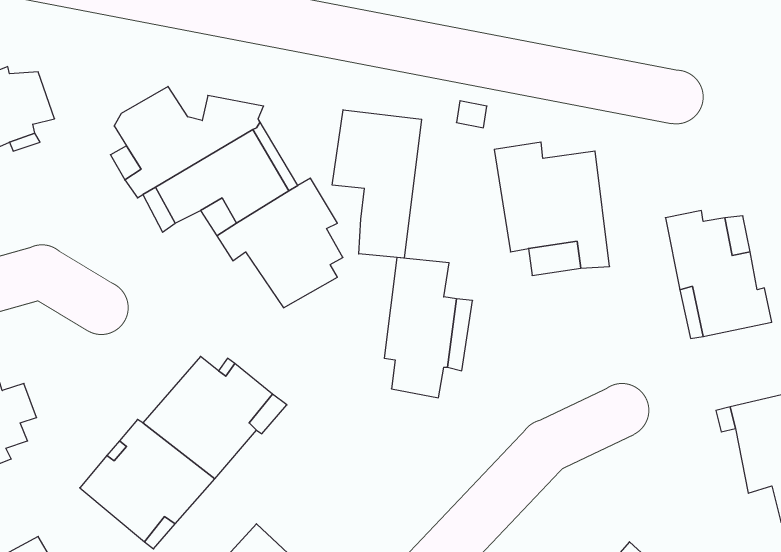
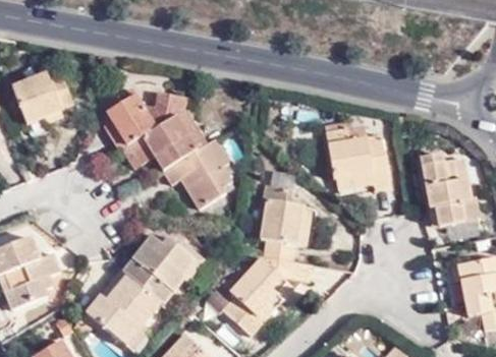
building: [332,110,422,258] -> none
building: none -> [221,256,308,336]

